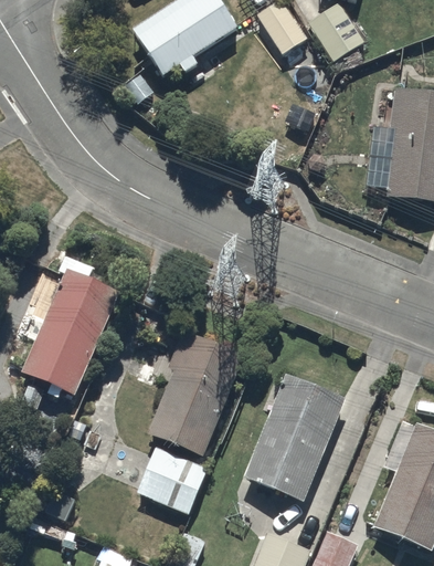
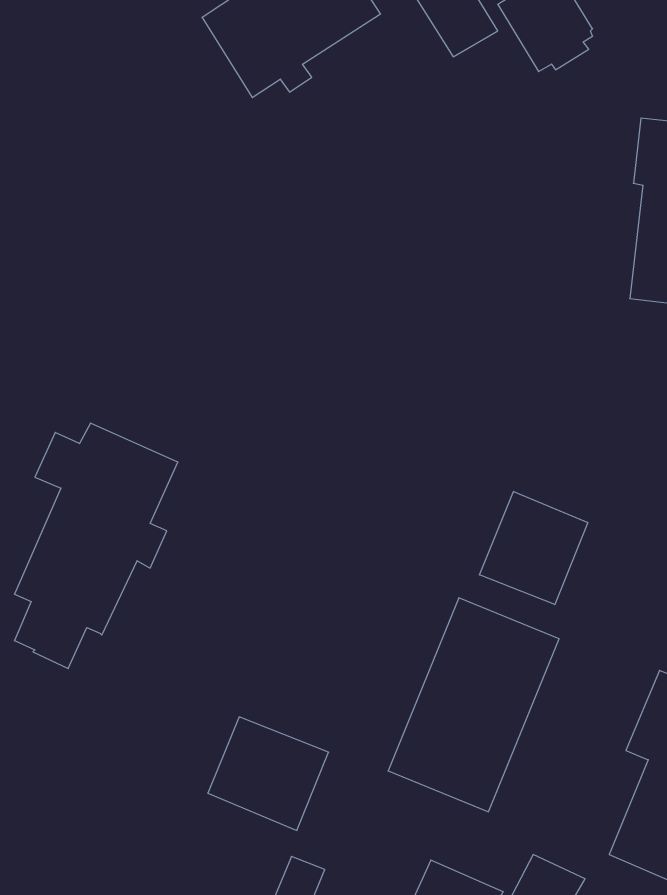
building: none -> [479,491,588,605]
building: [148,335,244,457] -> none

